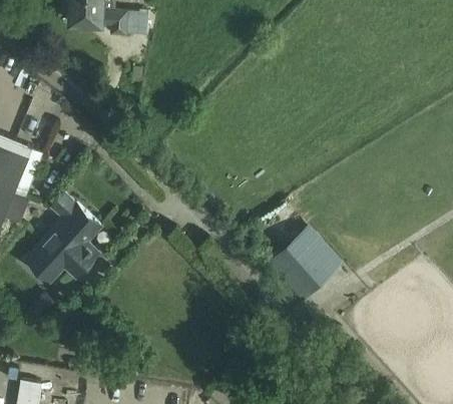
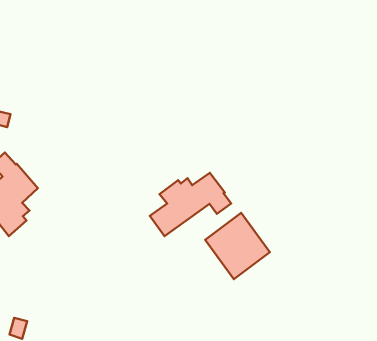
building: none -> [150,173,231,236]

